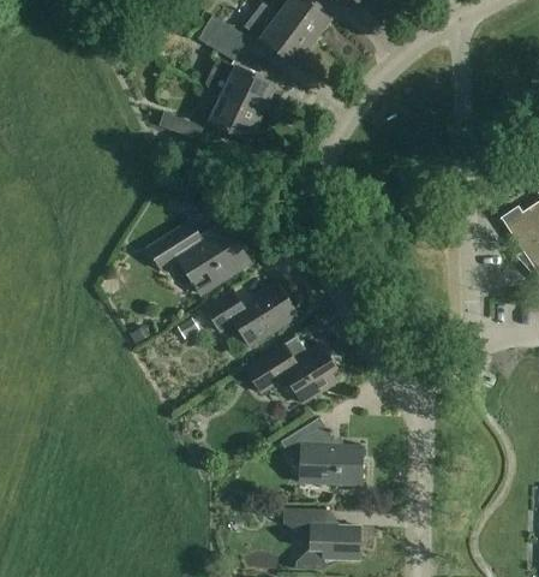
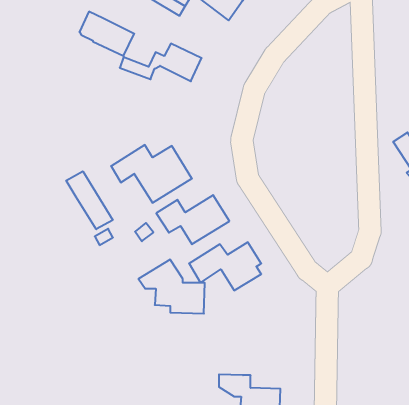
building: [208,58,276,113] -> [79,12,134,56]
building: none -> [66,171,113,229]
building: [281,417,364,484] -> [138,260,205,314]

